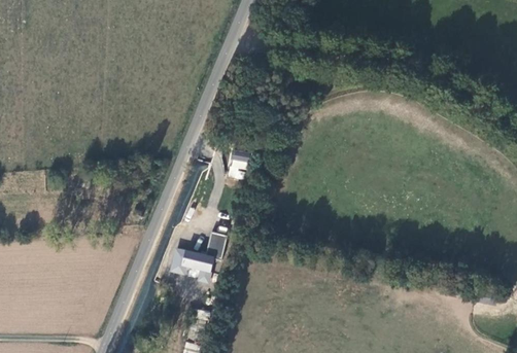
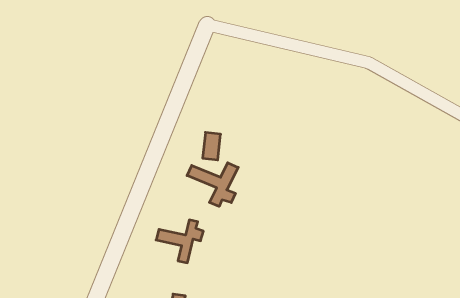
building: none -> [187,163,238,206]

